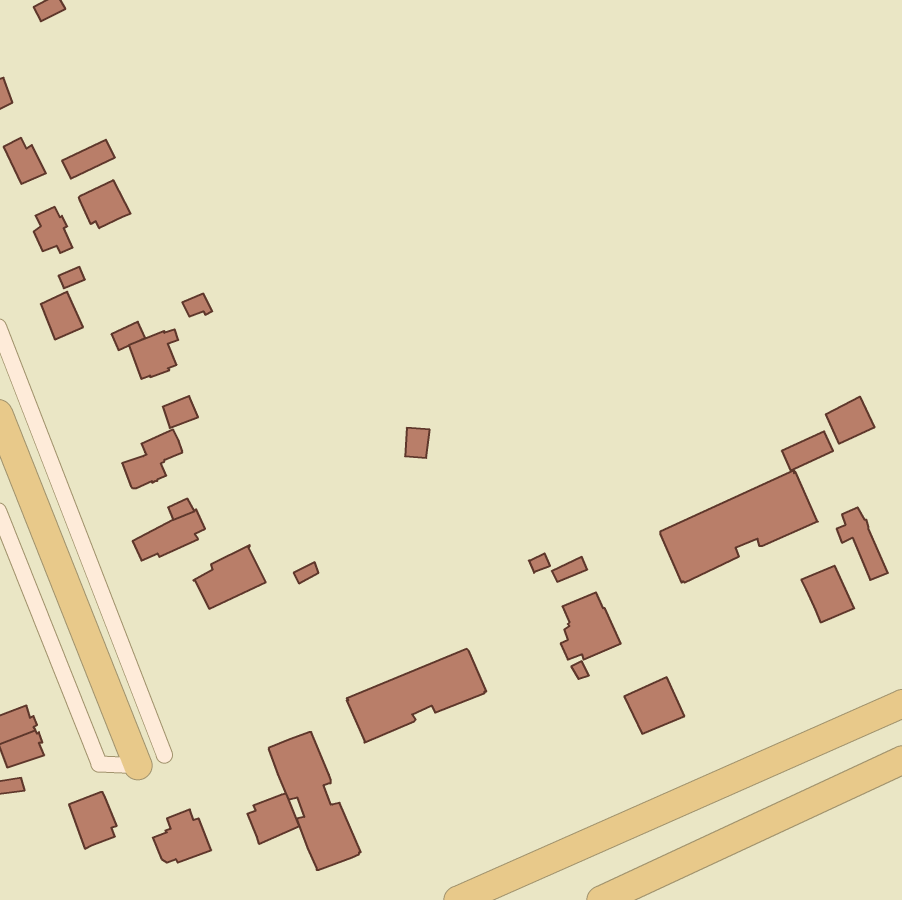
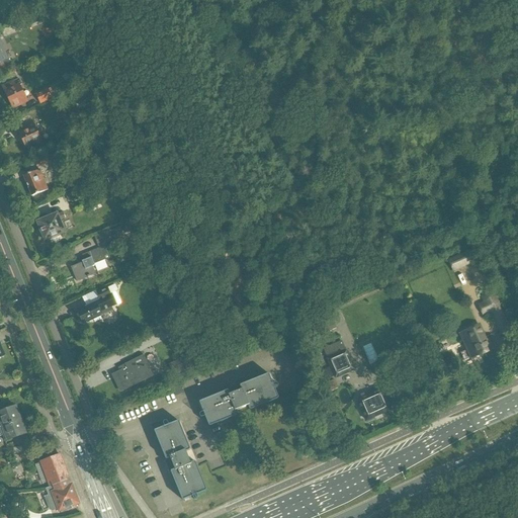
building: [79,180,131,228] -> none
building: [129,329,178,379] -> [36,210,65,239]
building: [826,397,874,444] -> none
building: [660,470,818,583] -> none
building: [193,545,266,609] -> [110,353,152,390]
building: [247,793,299,844] -> none
building: [153,809,211,863] -> [45,479,78,509]

